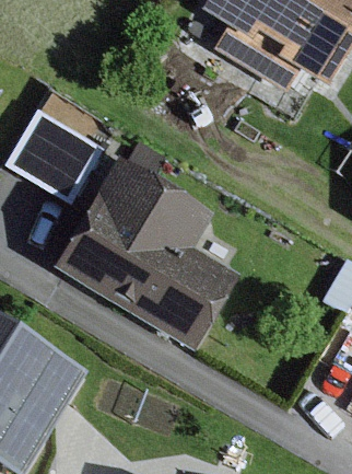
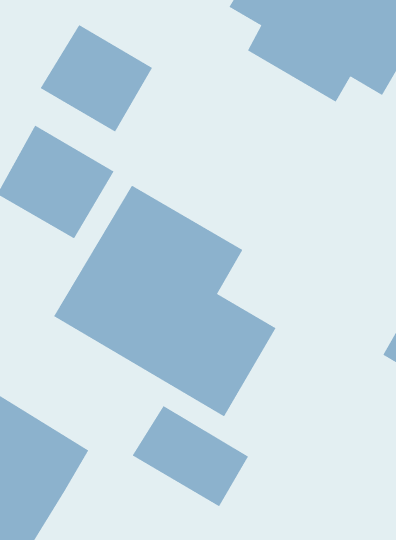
building: none -> [40,24,153,133]
building: none -> [132,405,249,507]

